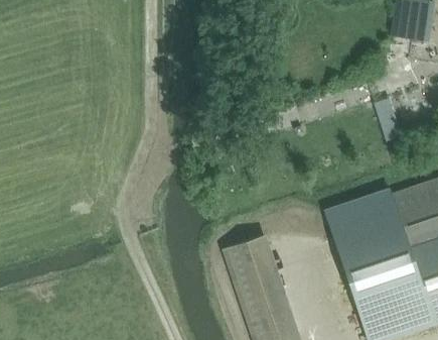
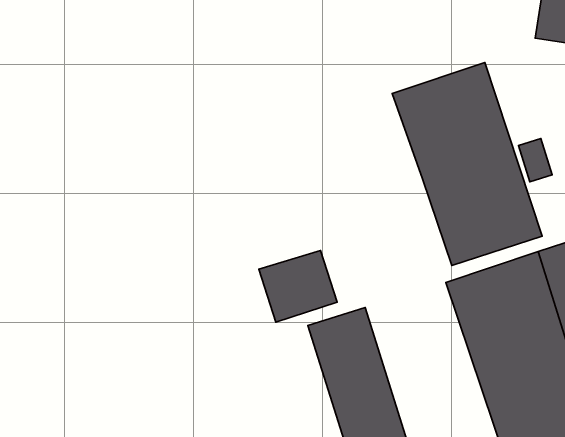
building: none -> [392,63,542,265]
building: none -> [259,251,337,322]

